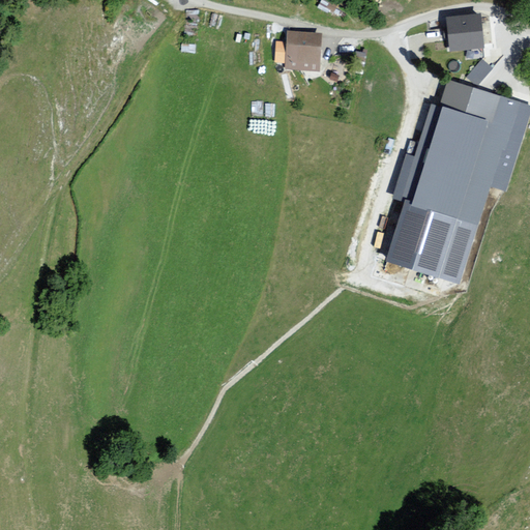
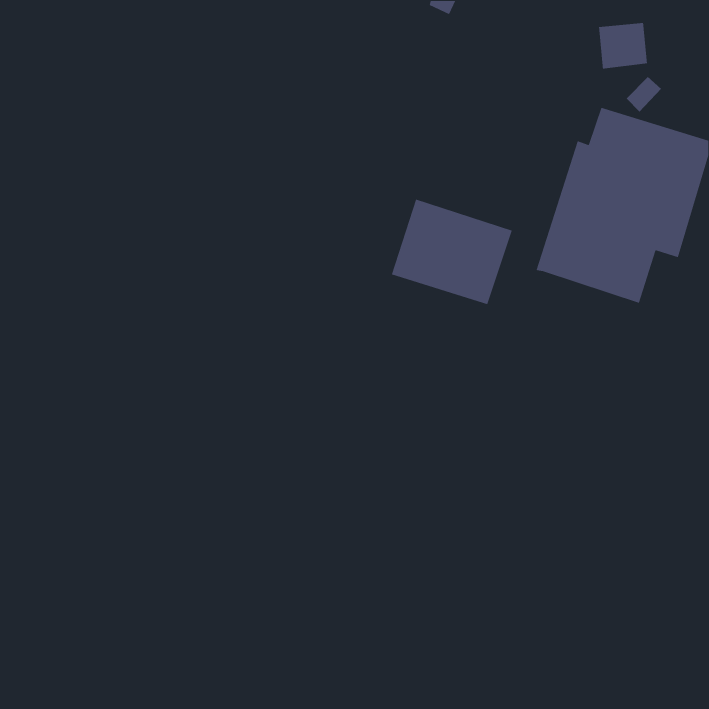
building: [285,32,321,65] -> none
building: [386,203,477,283] -> [391,198,513,305]

